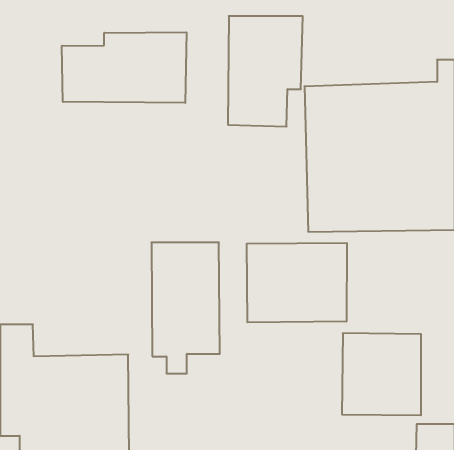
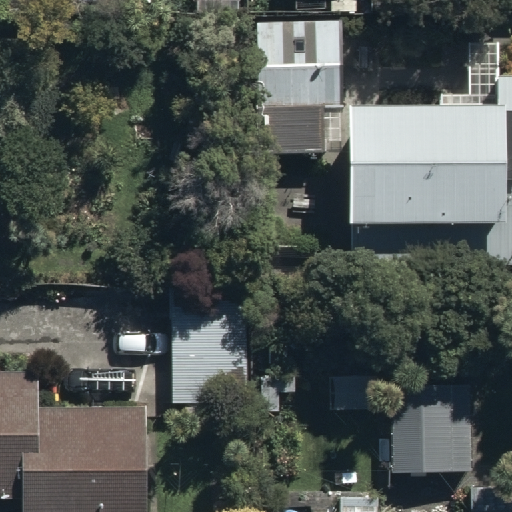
building: [62,32,186,103] -> none
building: [247,243,347,322] -> none

